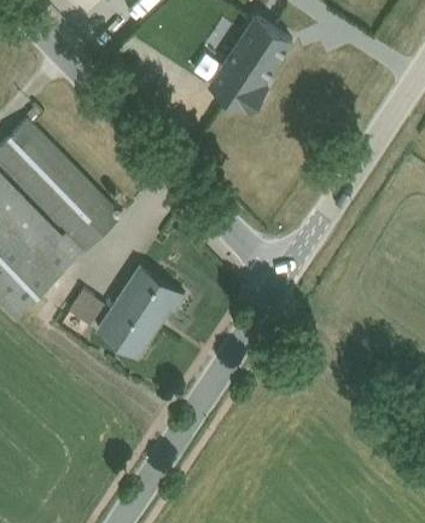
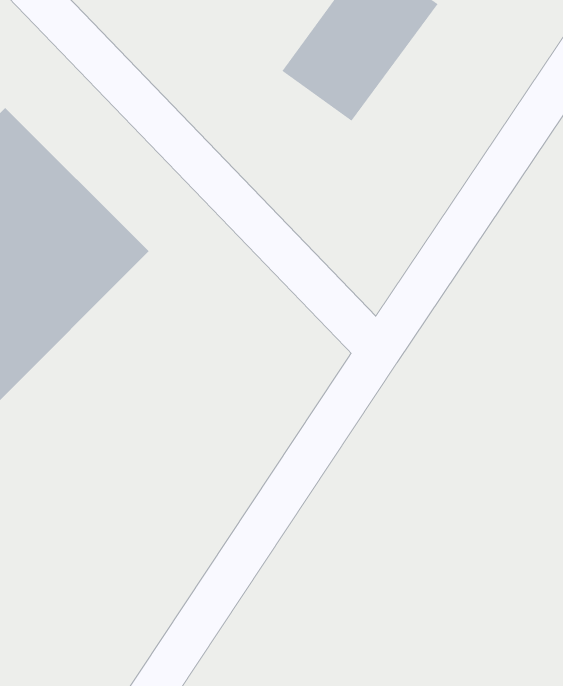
building: [64,262,181,360] -> none

